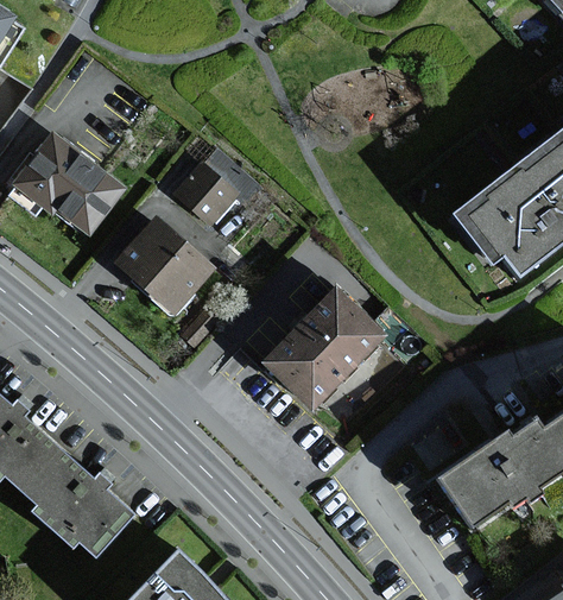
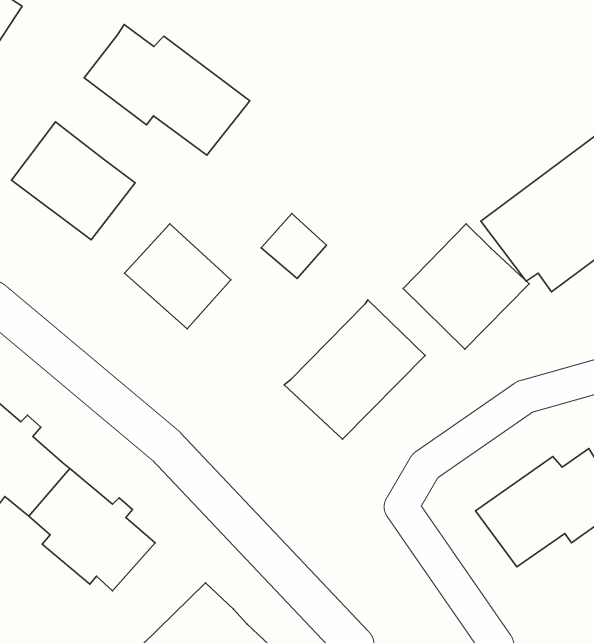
building: none -> [84,24,250,155]
building: [177,165,235,223] -> [261,213,326,279]
building: none -> [403,224,529,349]

